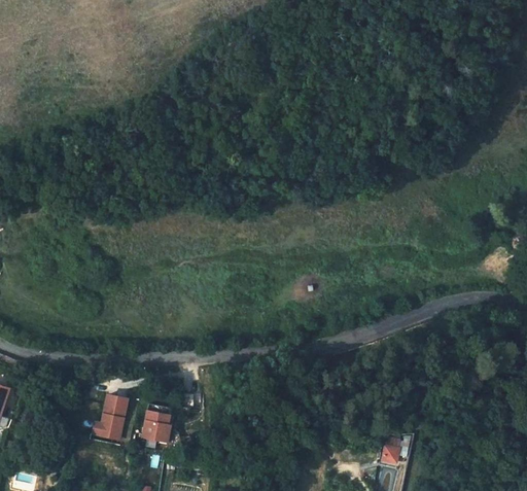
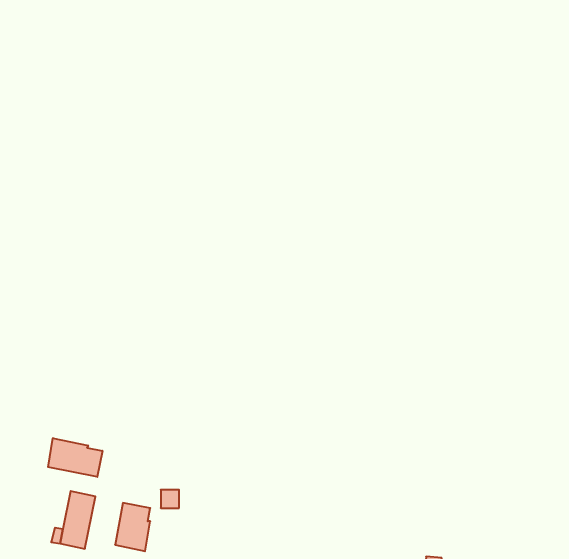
building: none -> [48,438,102,477]

